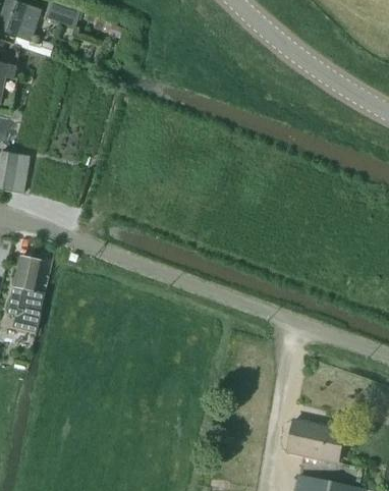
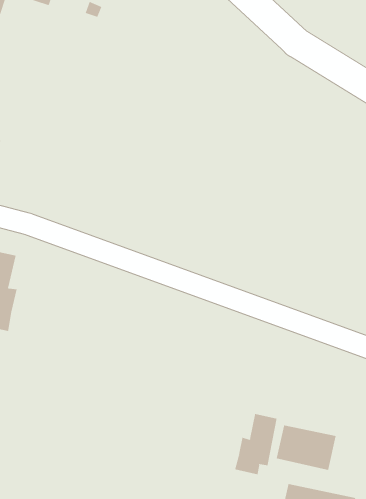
building: none -> [235,413,277,475]

